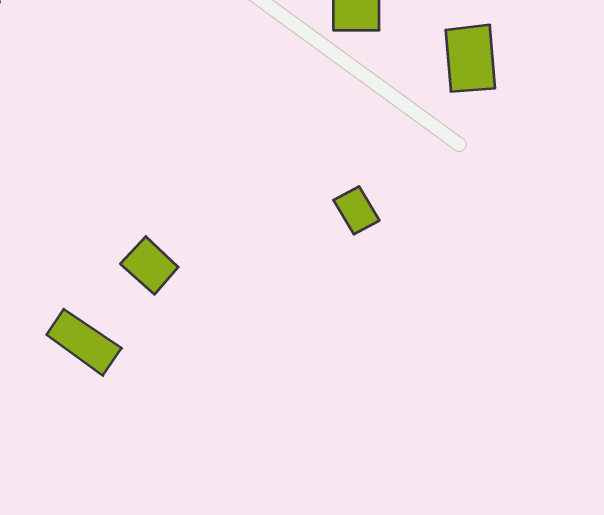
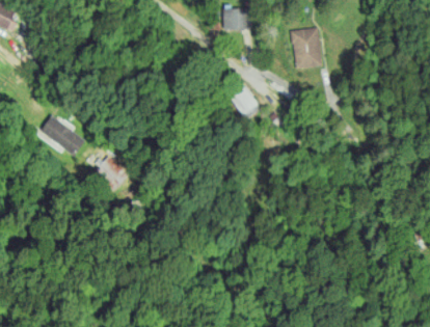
building: [333,186,379,234] -> [229,85,257,114]
building: [47,309,122,376] -> [39,115,85,156]

